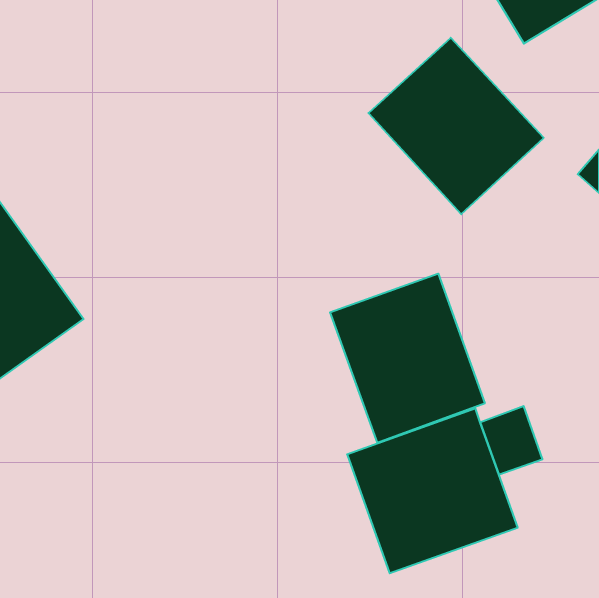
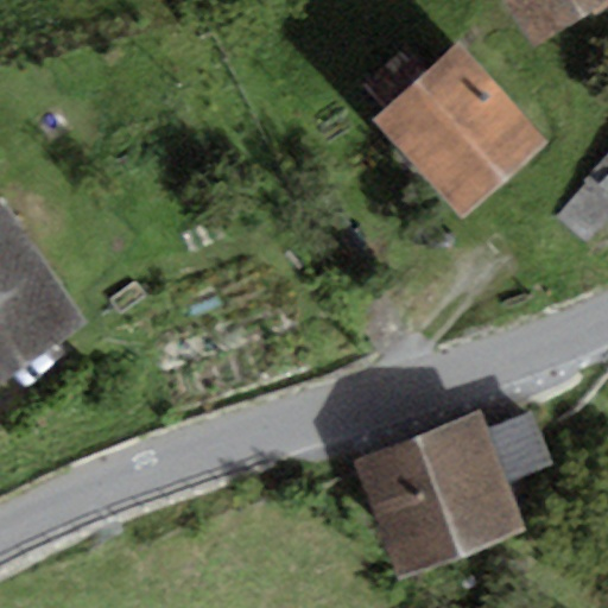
building: [330,274,485,443] -> none

